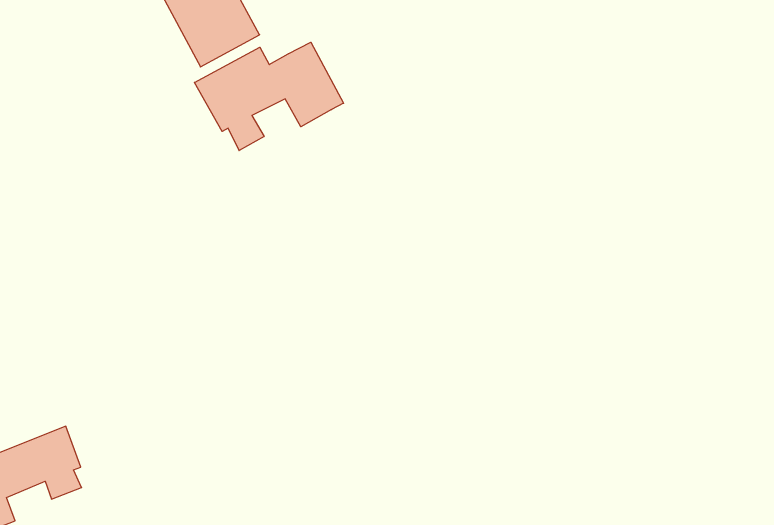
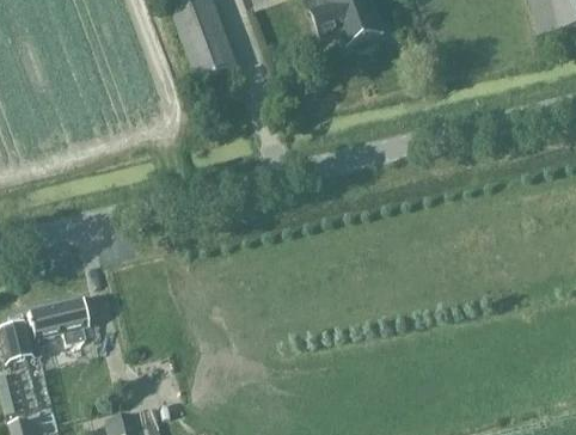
building: [194,42,344,151] -> none

